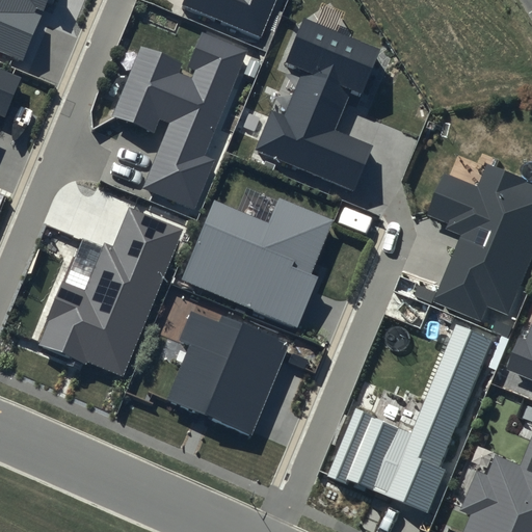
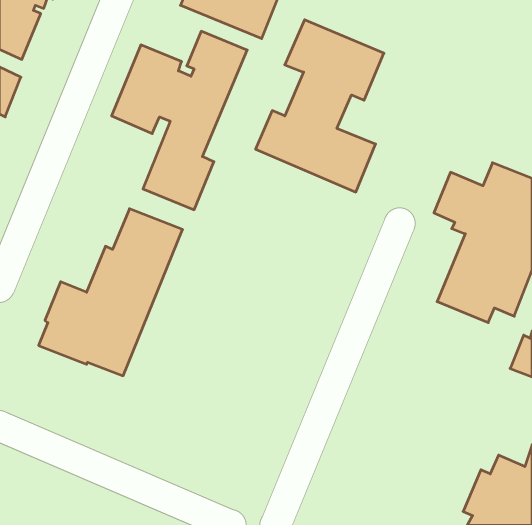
building: [181,201,332,328] -> none
building: [166,312,290,436] -> none
building: [331,325,488,504] -> none

